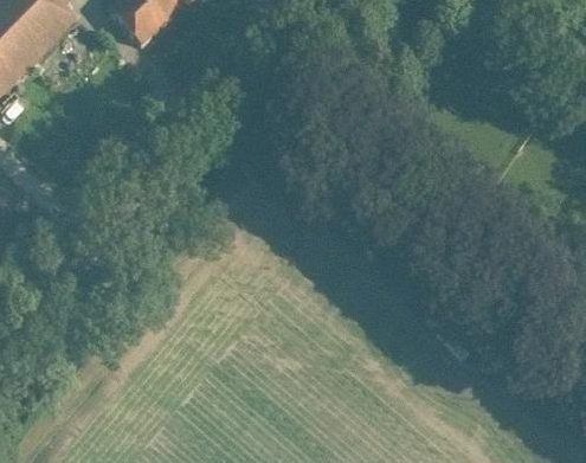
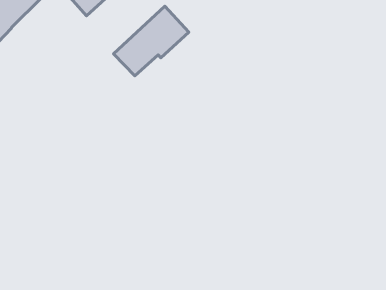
building: none -> [113,6,189,76]

